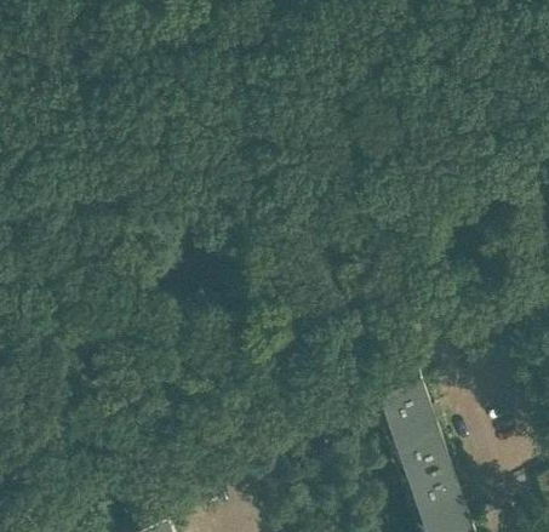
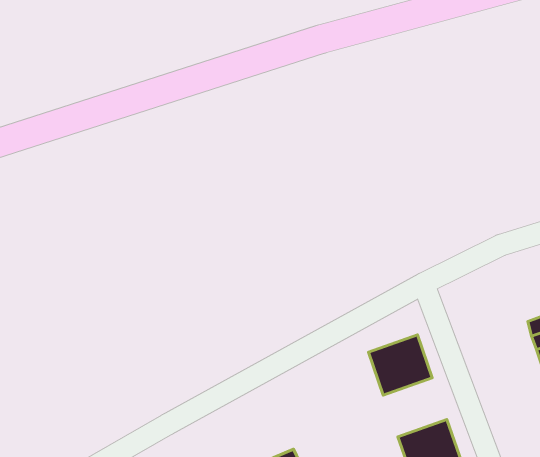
building: [388,424,451,482] -> none

